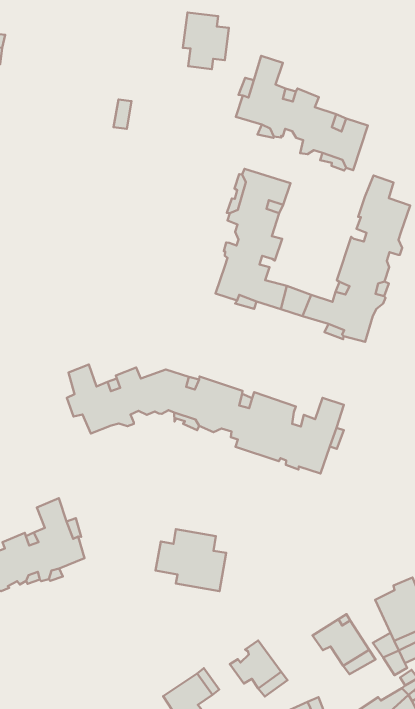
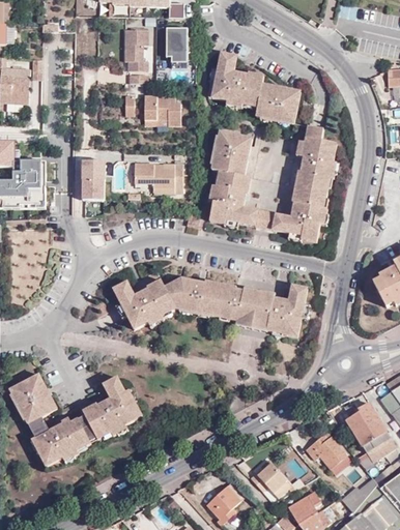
building: none -> [124,29,147,70]
building: none -> [144,94,180,124]
building: none -> [83,159,105,199]
building: none -> [134,163,182,192]
building: [156,529,226,591] -> none

